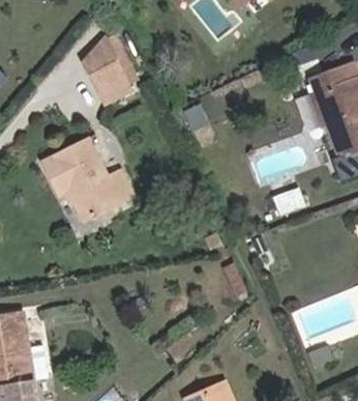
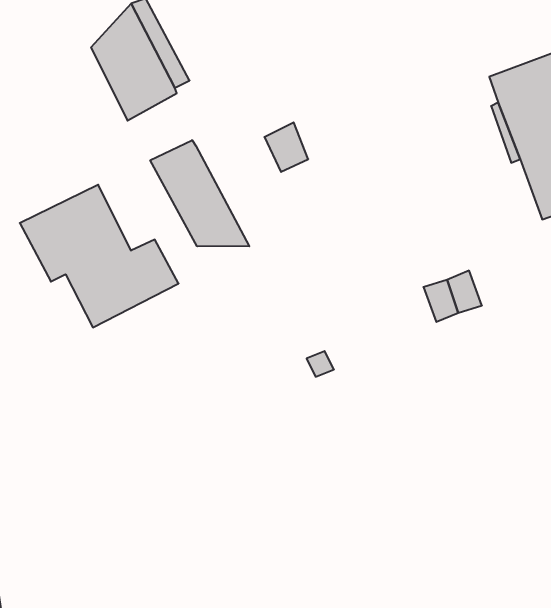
building: none -> [150,140,249,246]

